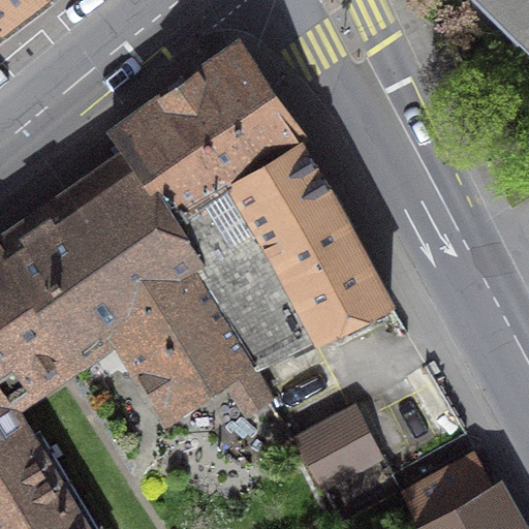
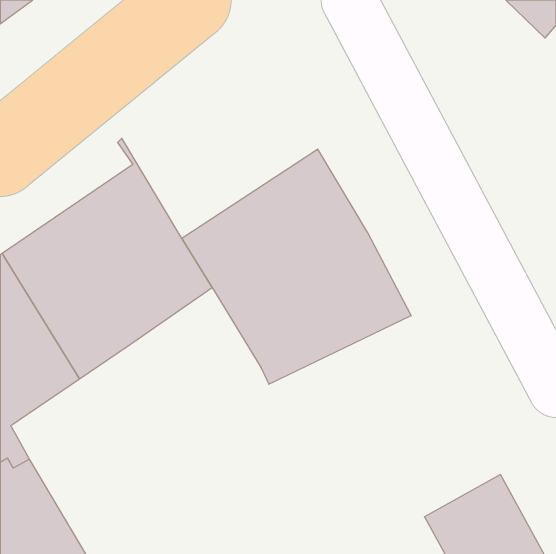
building: [116,52,301,228] -> none
building: [120,275,271,413] -> none
building: [298,407,382,487] -> none

